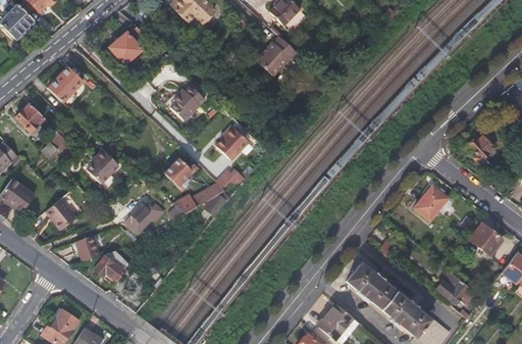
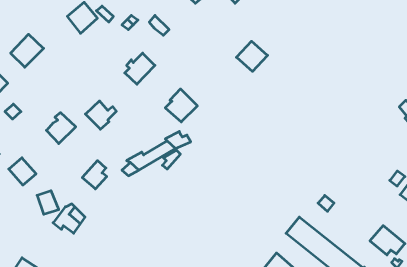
building: [256,42,290,75] -> [236,41,268,71]
building: [163,156,197,187] -> [85,101,116,129]
building: [413,185,448,220] -> none

